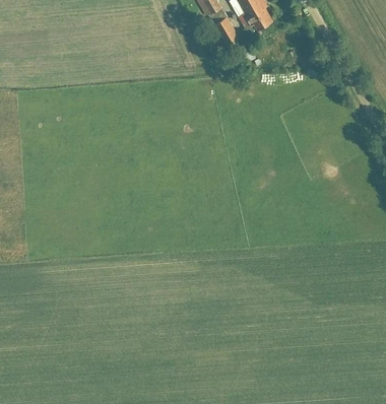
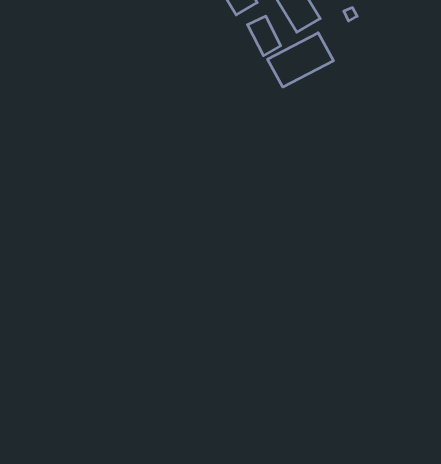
building: none -> [268,33,333,87]

